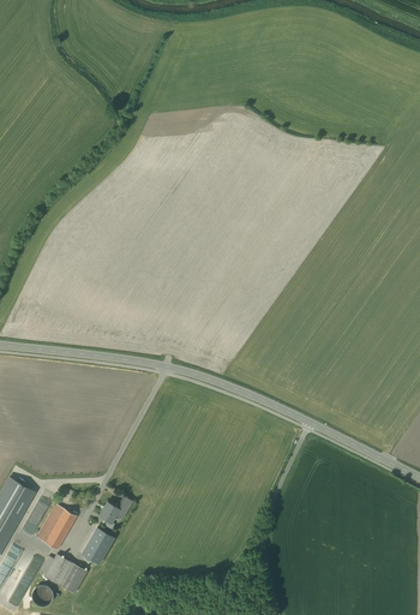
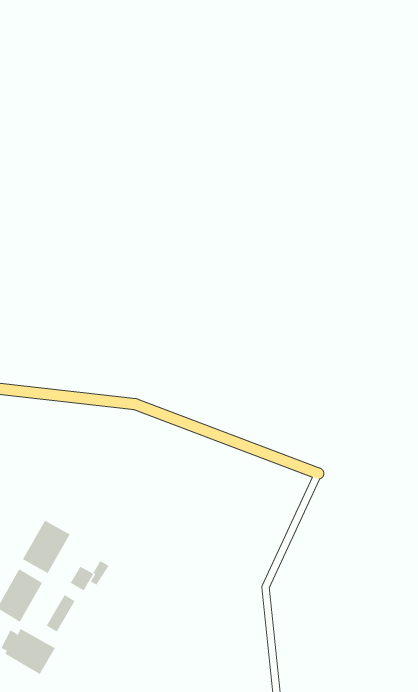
building: none -> [22,520,71,574]

